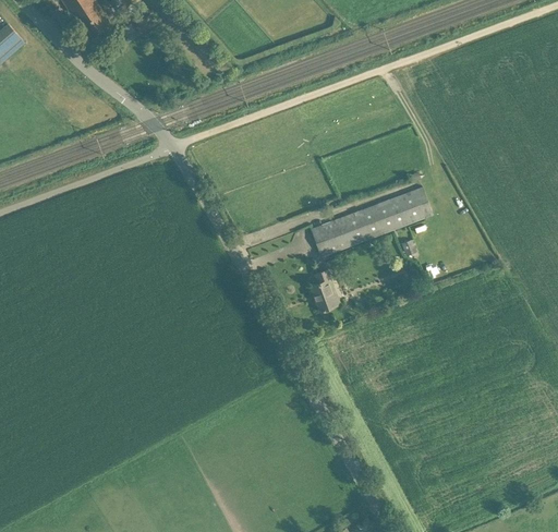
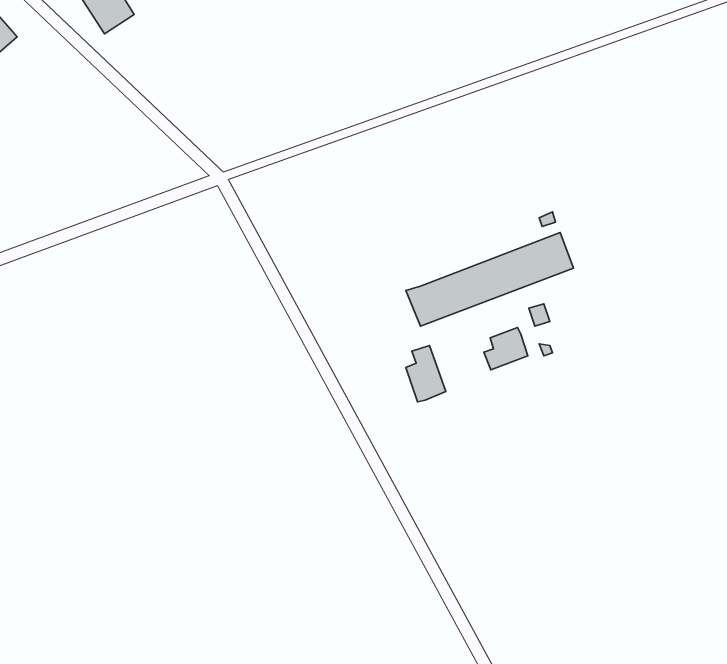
building: none -> [484,327,528,370]

